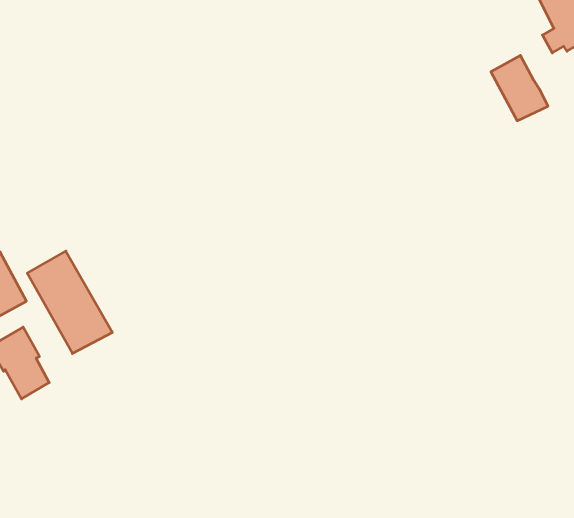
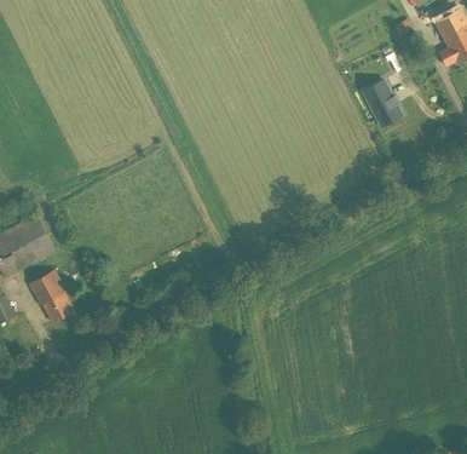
building: [491,55,548,121] -> [362,80,404,128]
building: [27,251,112,354] -> none

